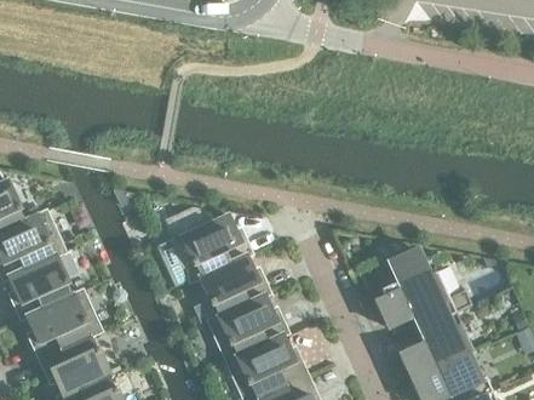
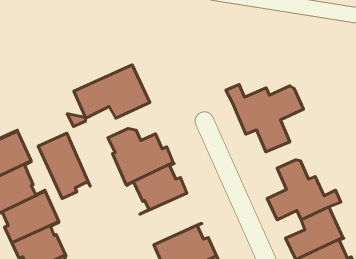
building: none -> [74,65,150,118]
building: none -> [226,84,303,152]
building: none -> [38,133,90,198]
building: [208,293,288,361] -> none

